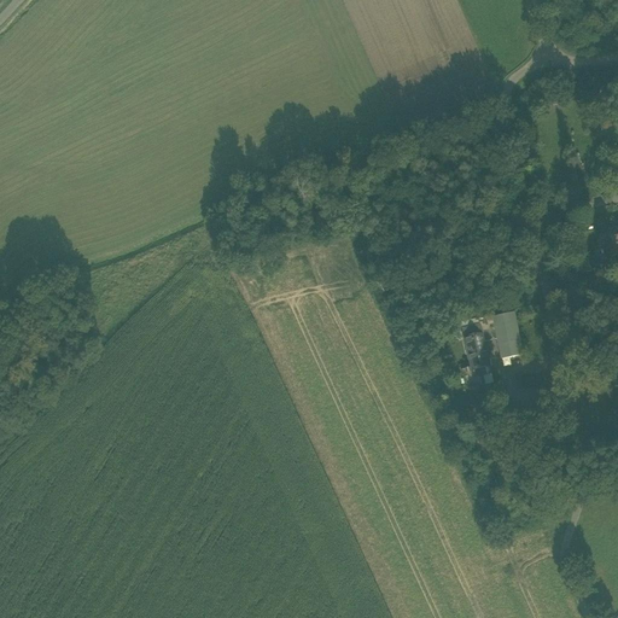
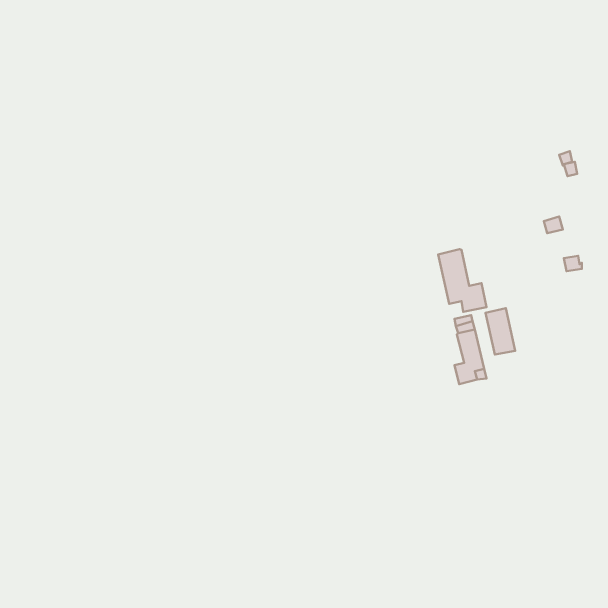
building: none -> [438,249,487,312]

